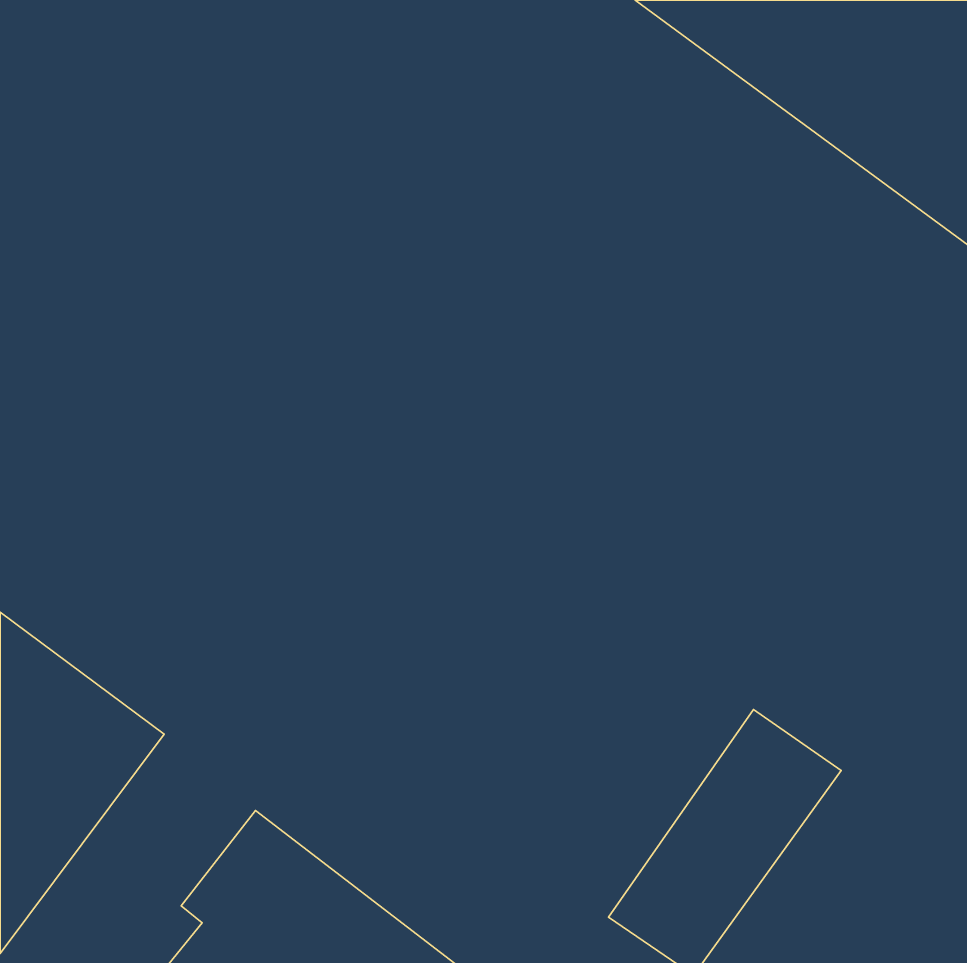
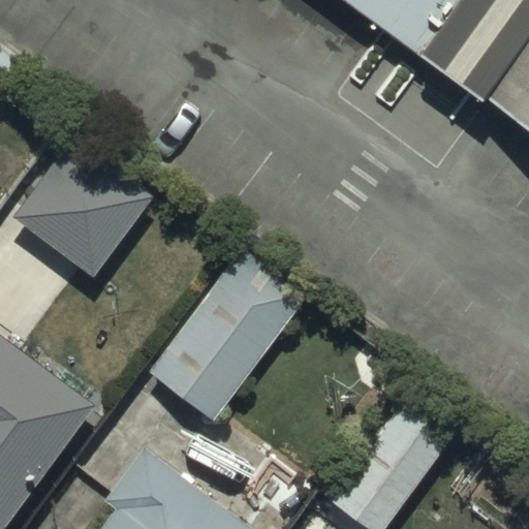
building: none -> [15,133,153,274]
building: none -> [150,275,287,421]

